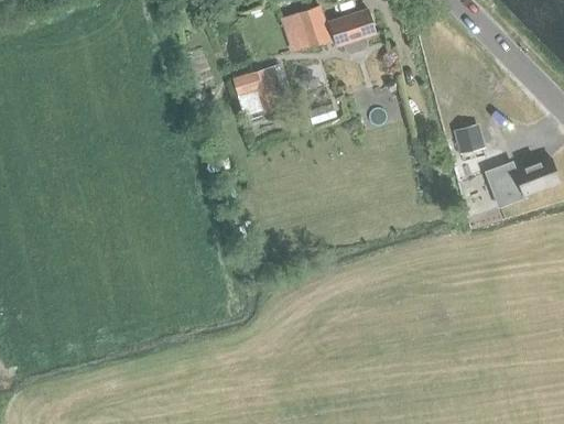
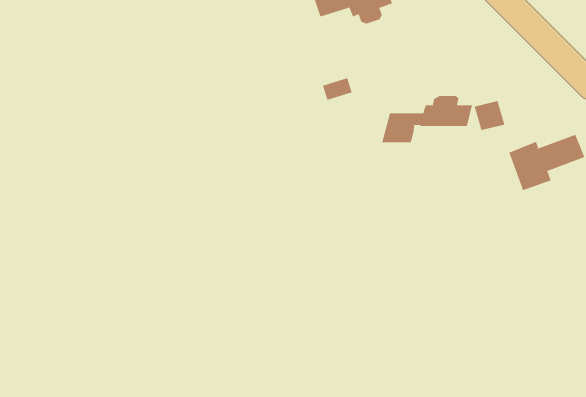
building: [230,64,285,113] -> none
building: none -> [382,95,472,143]

